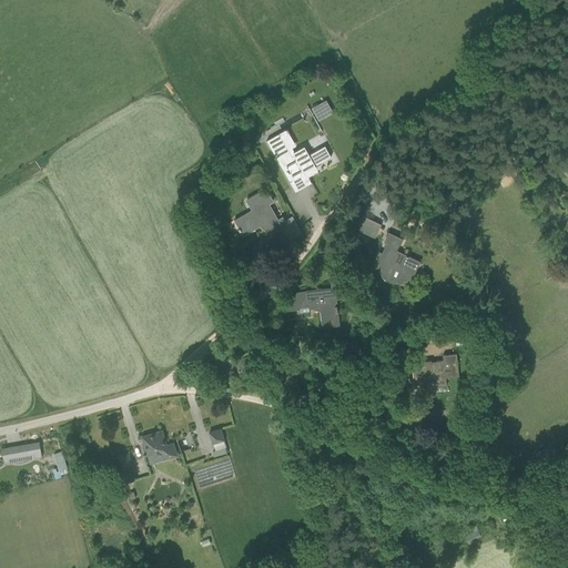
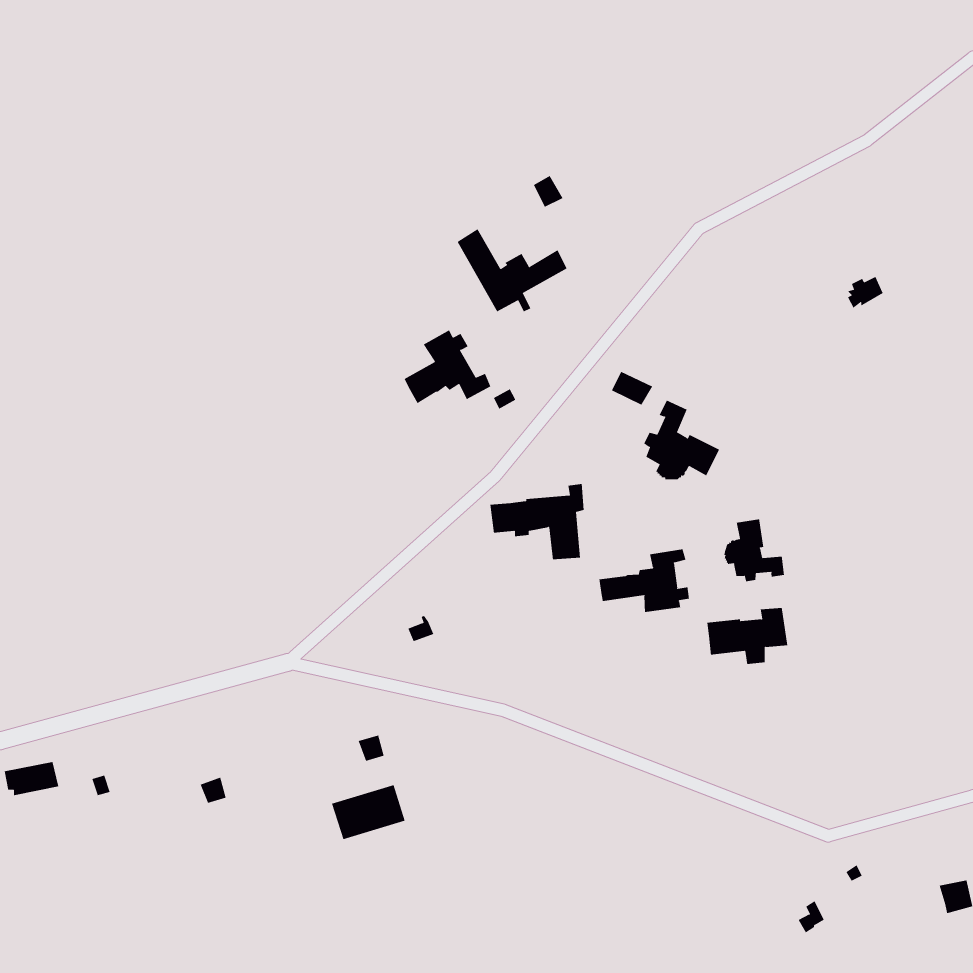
building: none -> [723,519,784,582]
building: none -> [599,549,689,613]
building: [142,430,176,458] -> none

